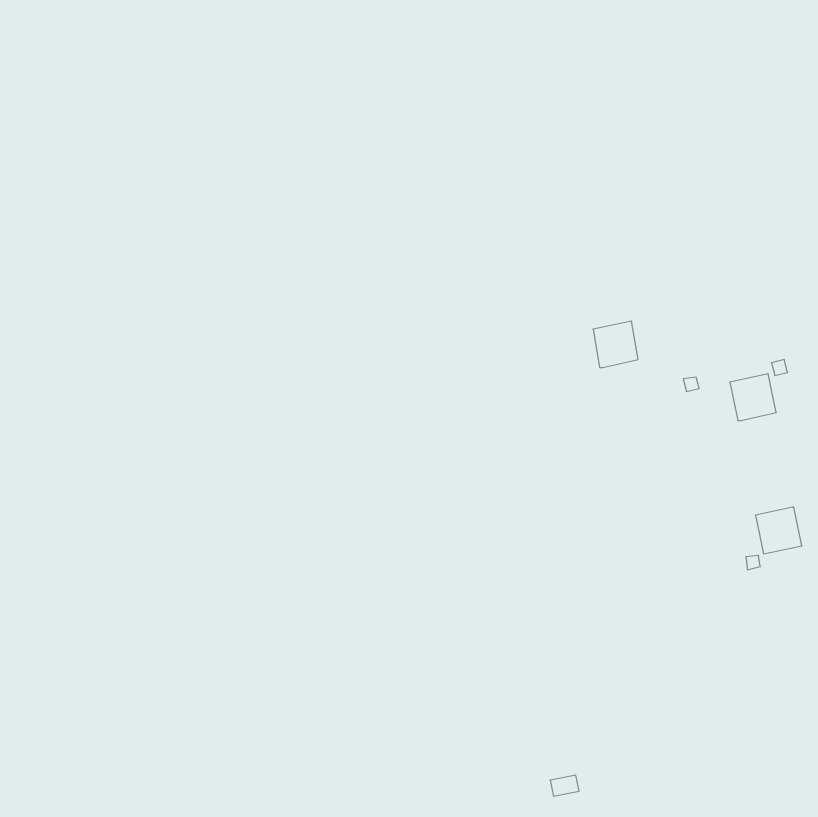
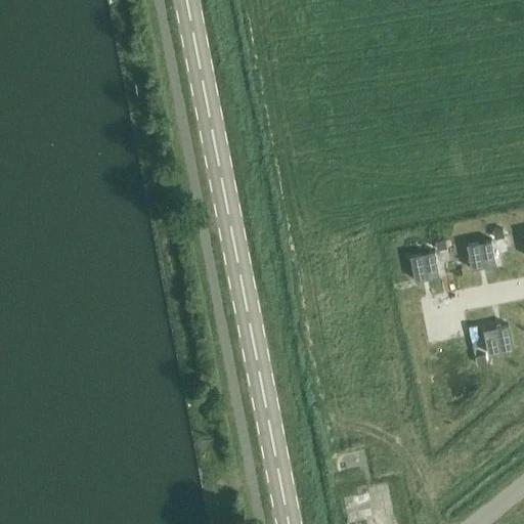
building: [593,321,638,368] -> [409,252,438,281]

